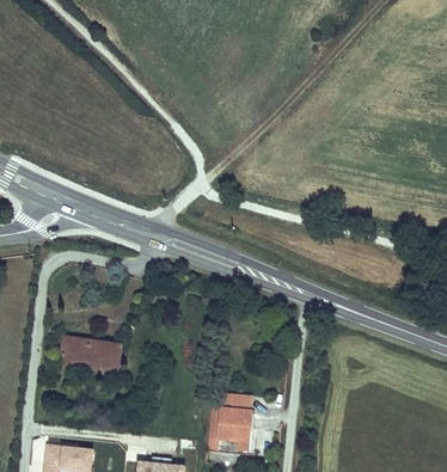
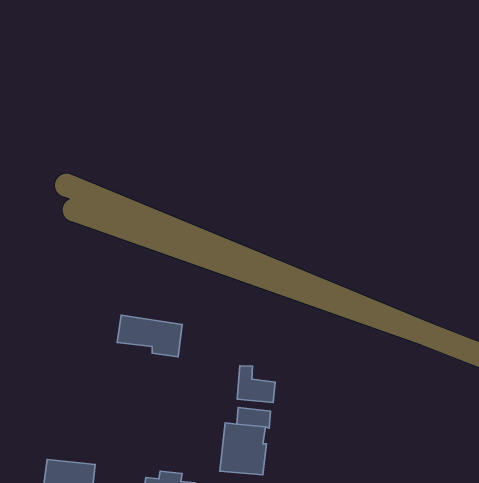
building: [61,337,121,375] -> [117,315,182,357]
building: none -> [237,366,275,403]

